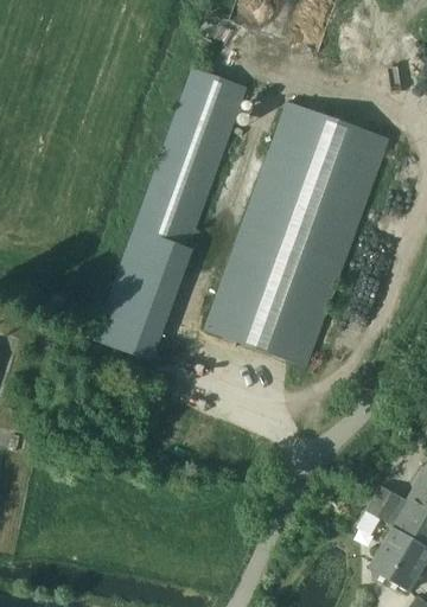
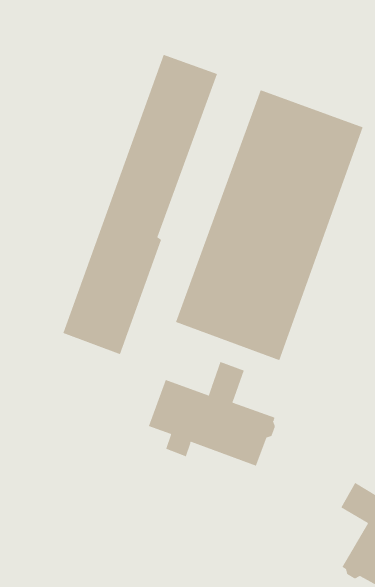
building: none -> [148,361,275,466]

